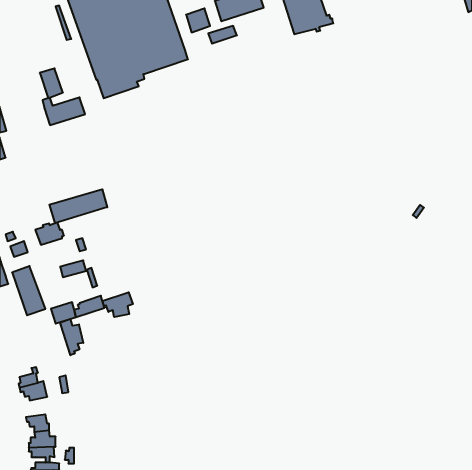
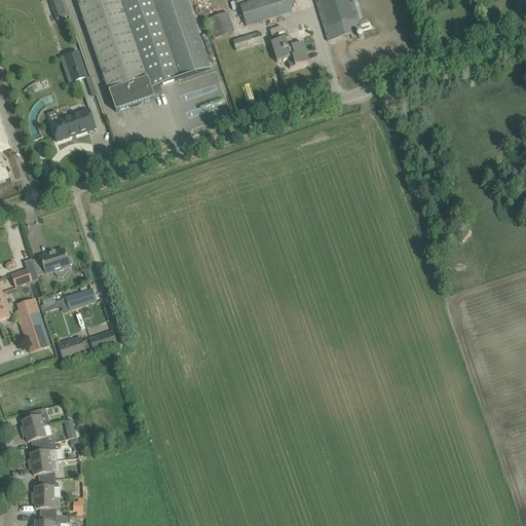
building: none -> [270,34,308,66]
building: [40,68,63,98] -> [62,48,87,81]
building: [49,189,107,223] -> none
building: [102,292,133,317] -> none
building: [60,319,83,355] -> none
building: none -> [28,440,57,462]

